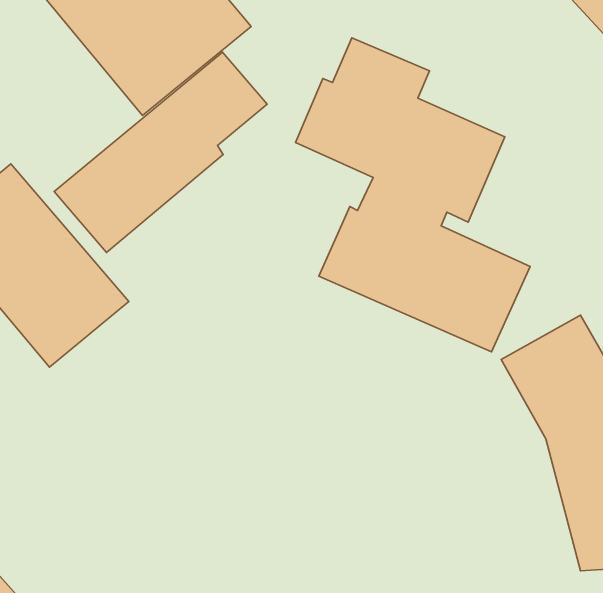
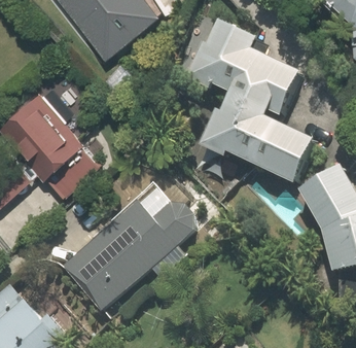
building: [54,52,267,252] -> none
building: none -> [63,182,193,311]

